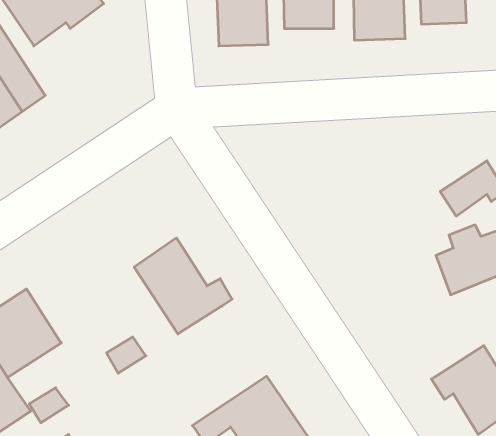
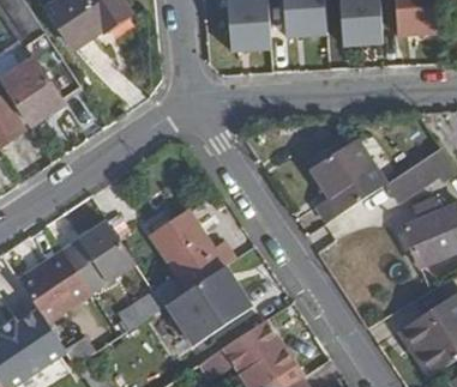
building: none -> [313,134,389,219]
building: none -> [66,219,138,292]
building: none -> [170,264,254,341]

